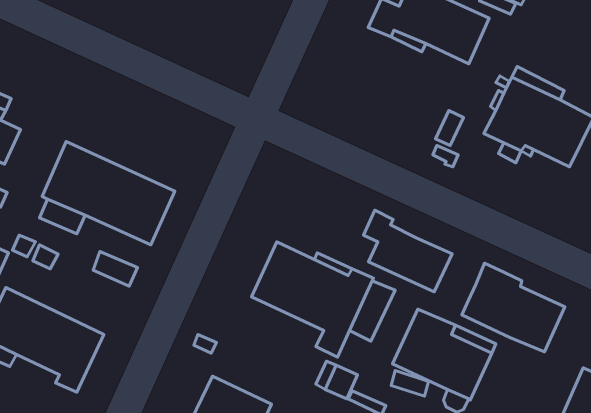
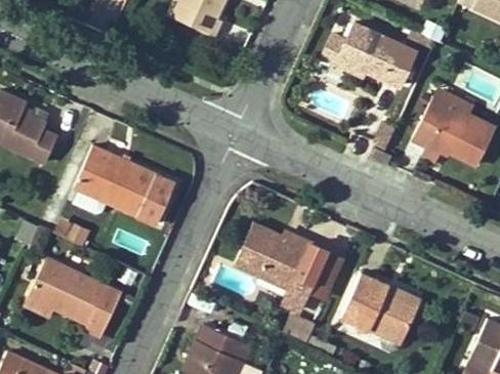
building: [363,210,452,292] -> none
building: [462,263,565,352] -> none

